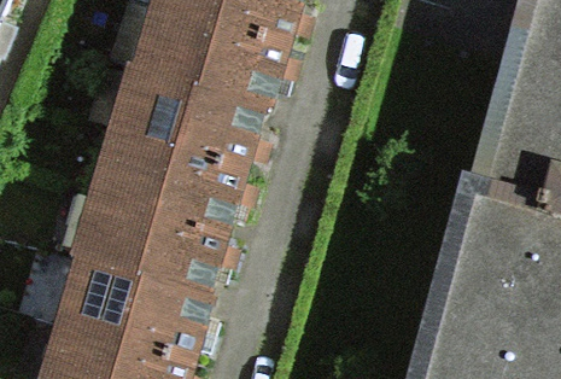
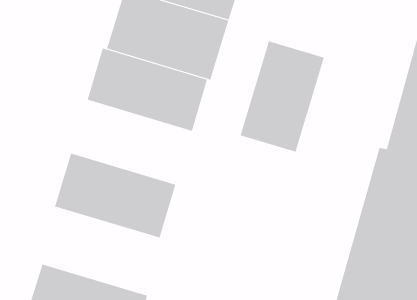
building: none -> [240,40,325,152]
building: [99,134,244,234] -> none
building: [65,262,211,366] -> none

